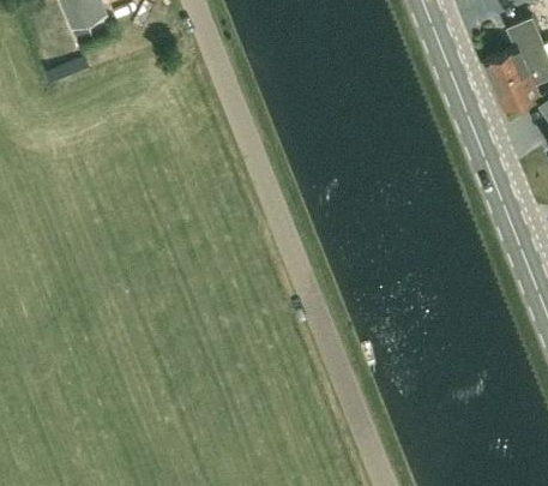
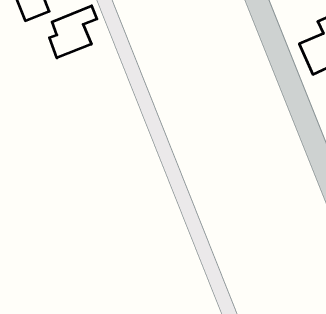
building: none -> [49,6,97,58]

